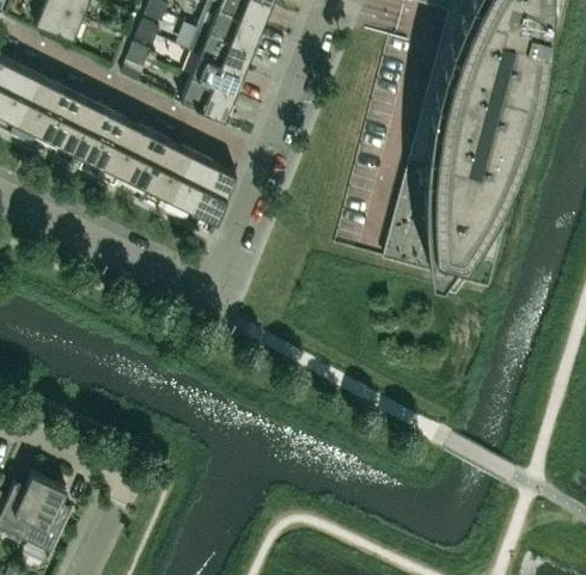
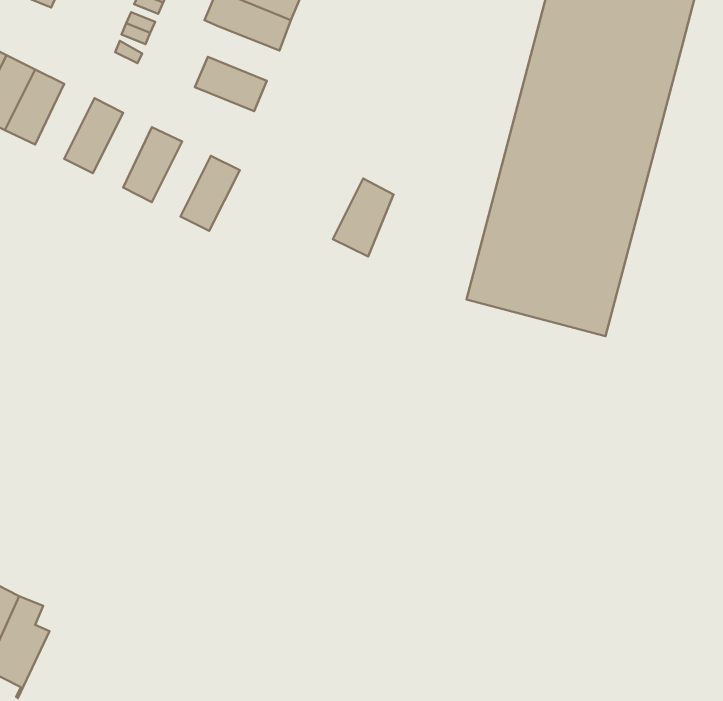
building: [189,54,243,94] -> none
building: [60,97,104,153] -> none
building: [103,118,147,175] -> none
building: [147,140,191,196] -> none
building: [190,161,236,220] -> [333,178,394,257]

